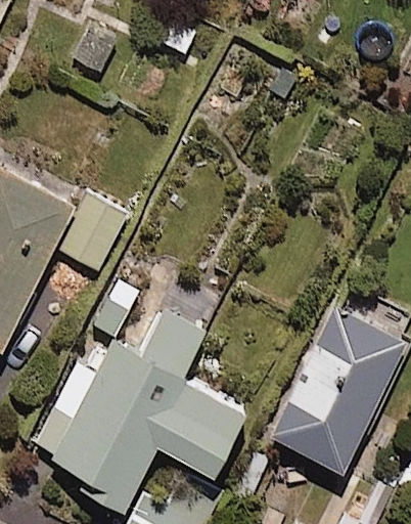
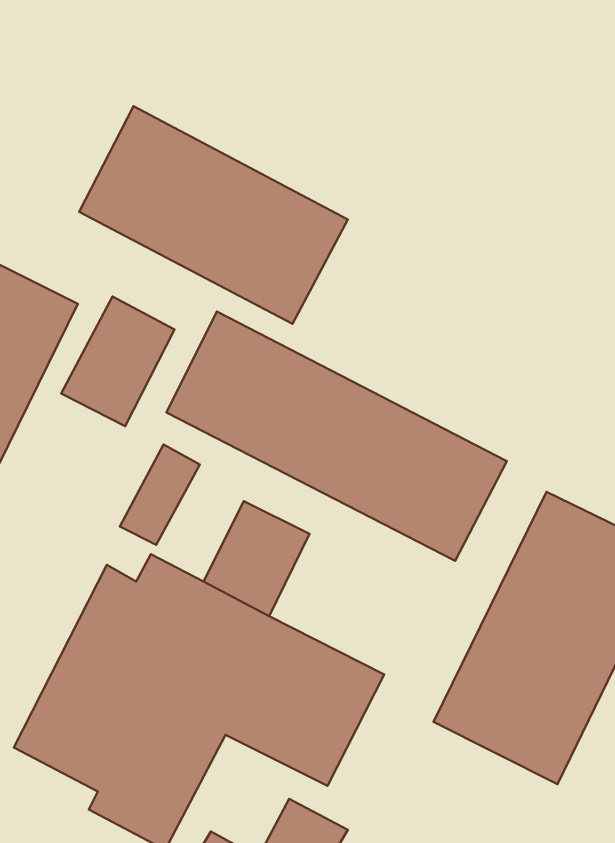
building: none -> [79,106,348,324]
building: none -> [166,312,507,561]

